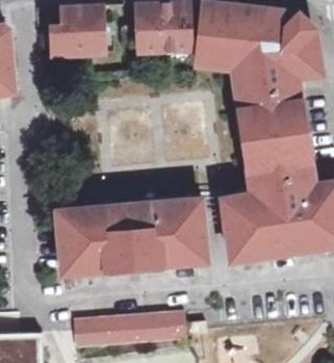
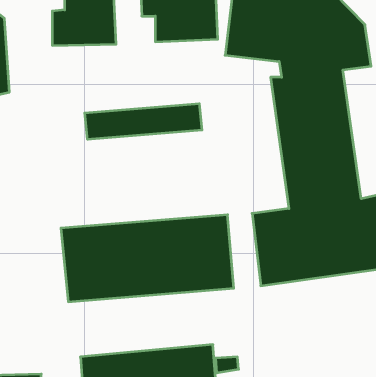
building: none -> [85,104,202,139]

